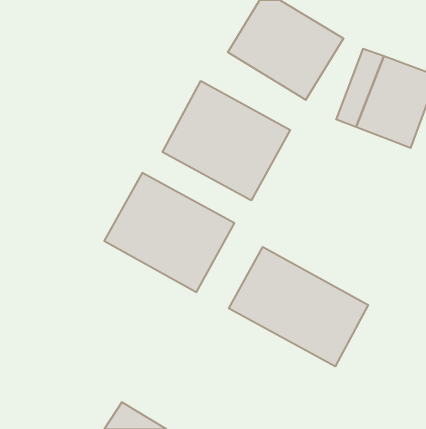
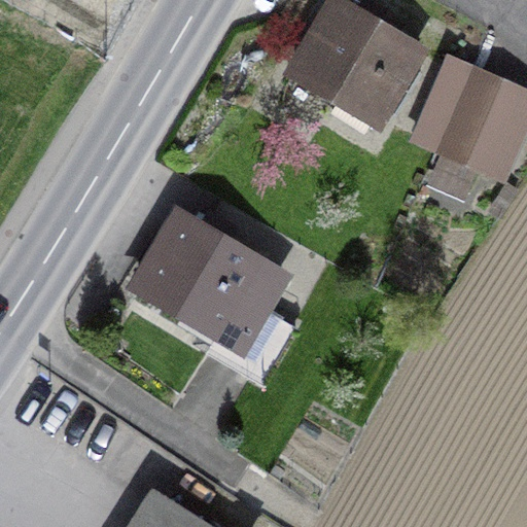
building: [163,81,290,200] -> none
building: [229,247,368,366] -> none

